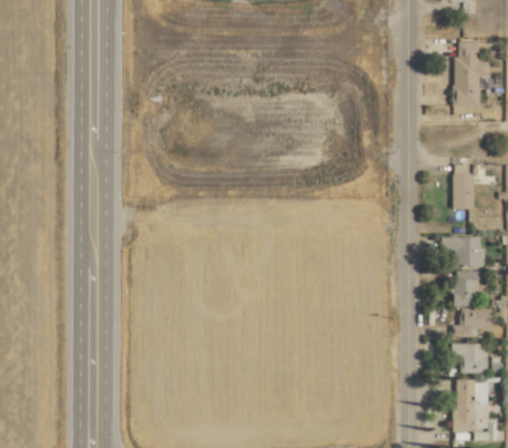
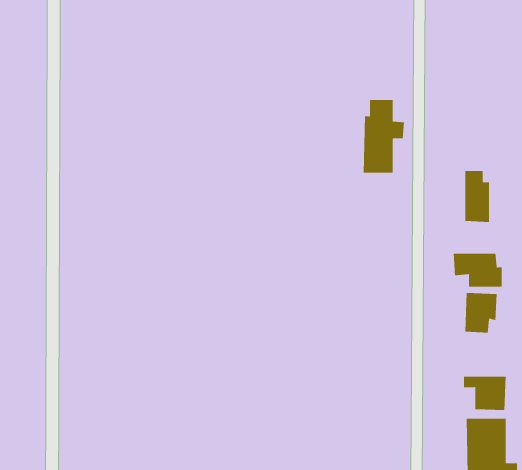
building: [454,42,490,106] -> [363,99,405,173]
building: [454,308,492,337] -> none

